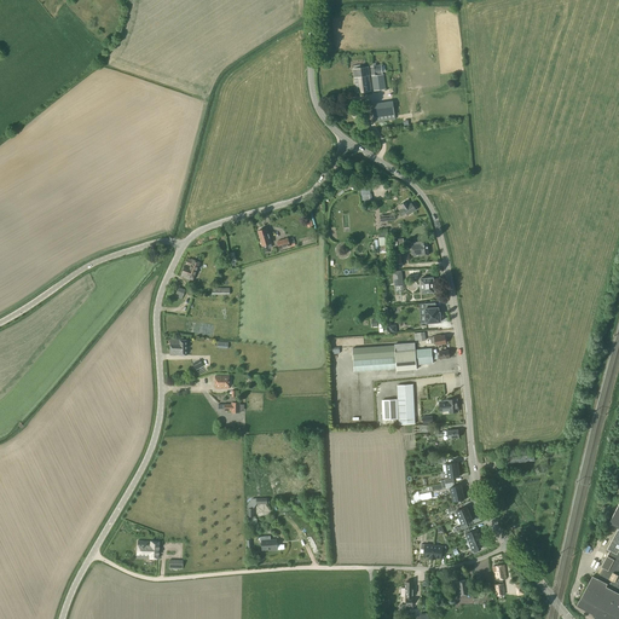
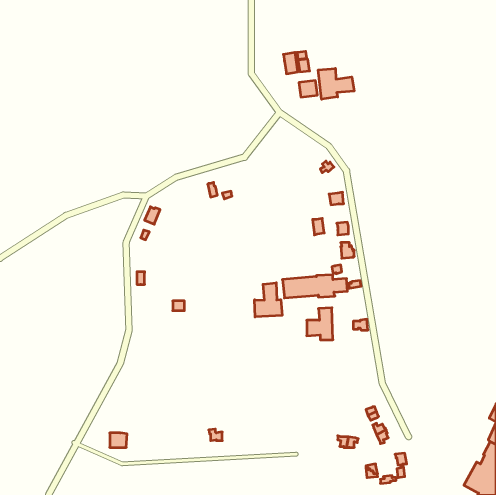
building: none -> [318,68,354,99]
building: none -> [255,283,282,317]

